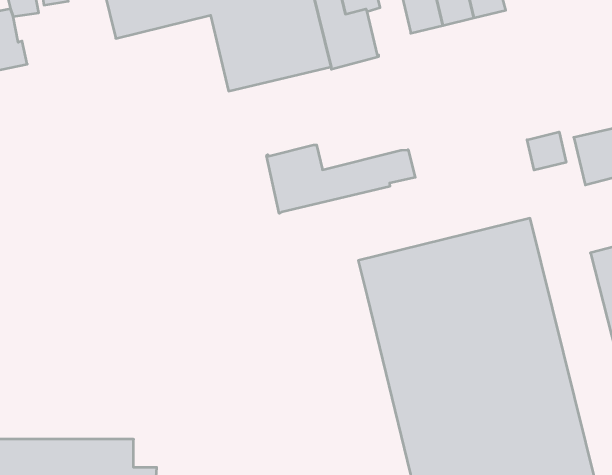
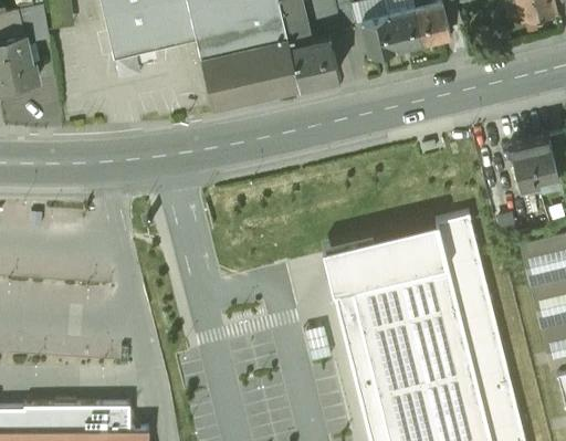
building: [527,132,566,170] -> none
building: [267,145,415,213] -> none

